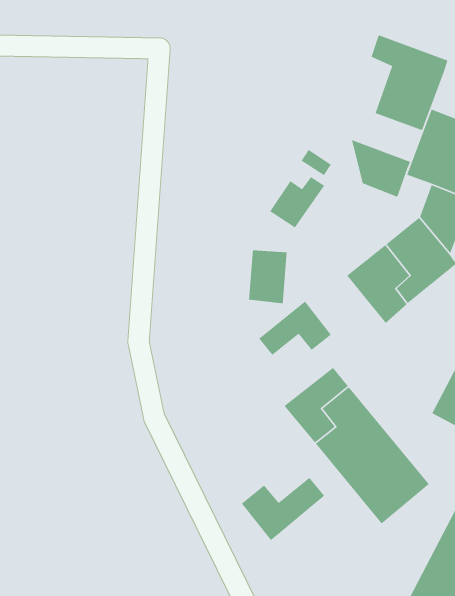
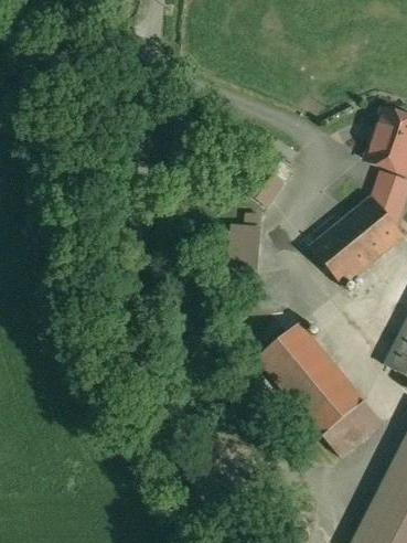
building: [370,34,448,131] -> none
building: [351,139,411,198] -> none
building: [258,300,332,356] -> none
building: [241,477,325,541] -> none

